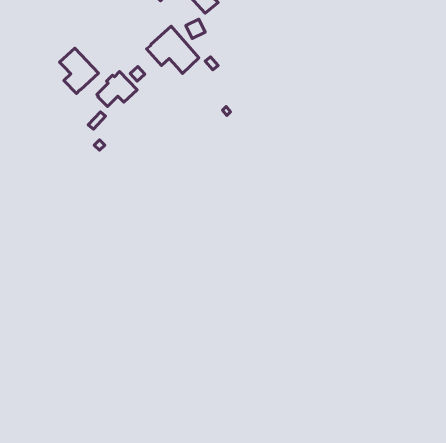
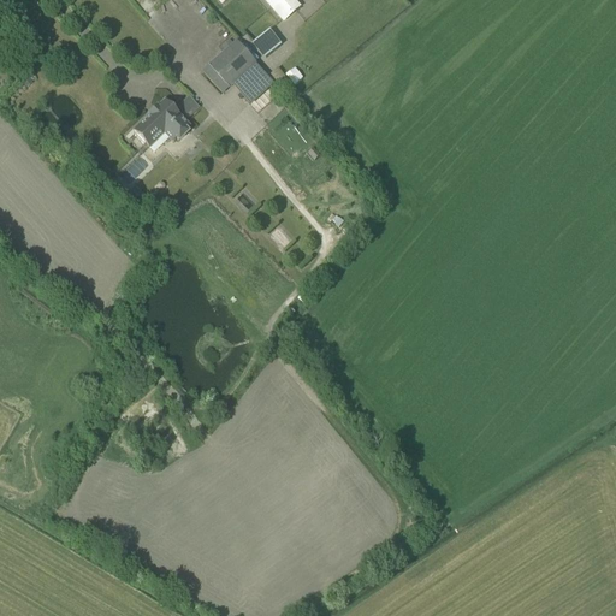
building: [59,48,99,94] -> none

